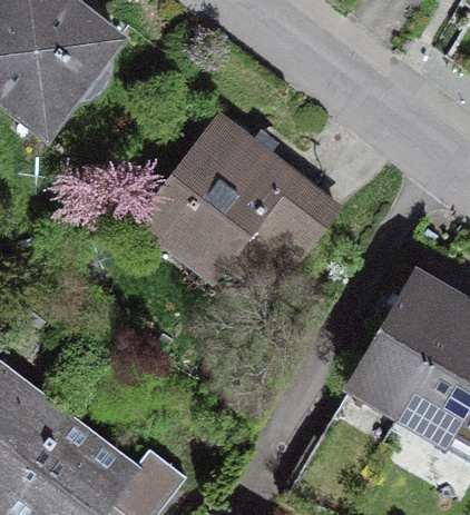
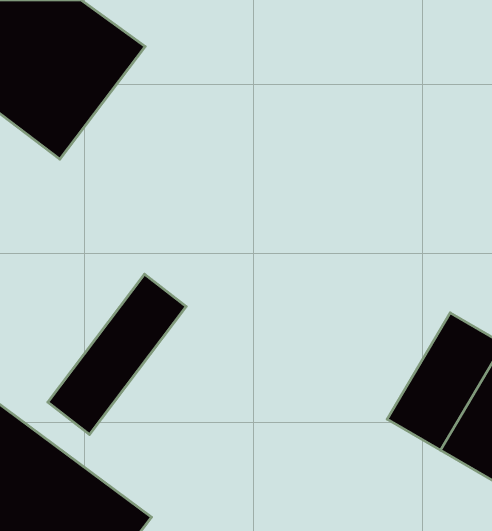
building: [140,115,336,270] -> none
building: none -> [48,274,186,435]

